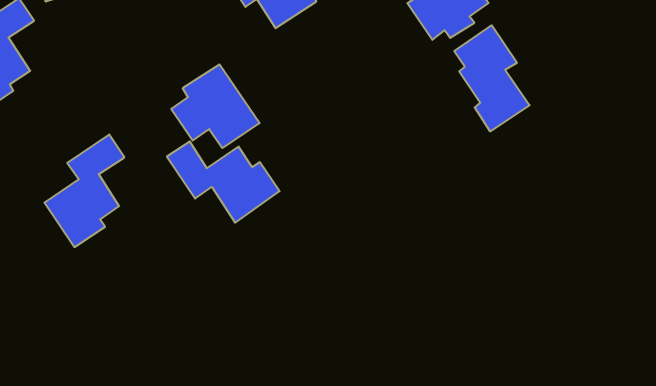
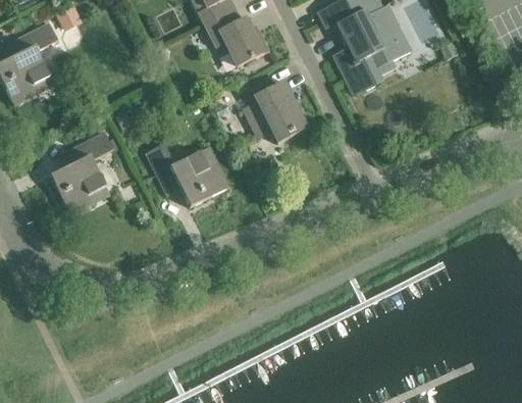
building: [454,25,530,131] -> none
building: [171,65,260,148] -> [243,81,307,143]

